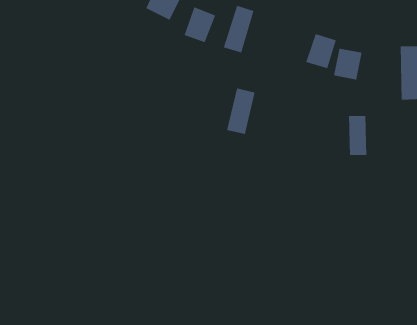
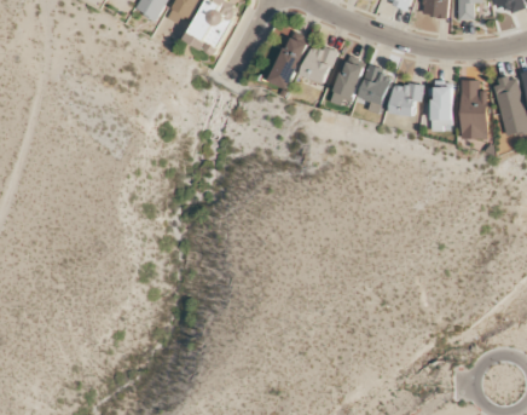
building: [184,6,216,43] -> [301,42,336,82]
building: [226,88,256,135] -> [331,56,363,106]
building: [348,115,367,156] -> [432,86,452,129]

